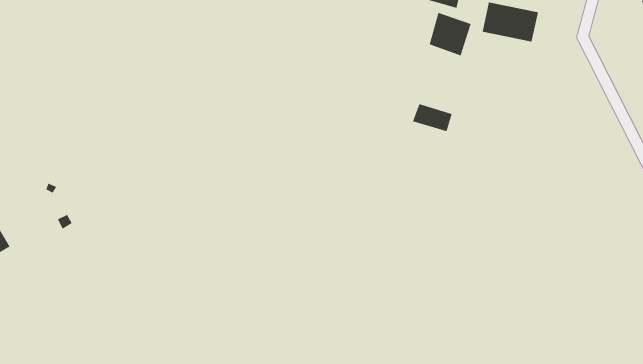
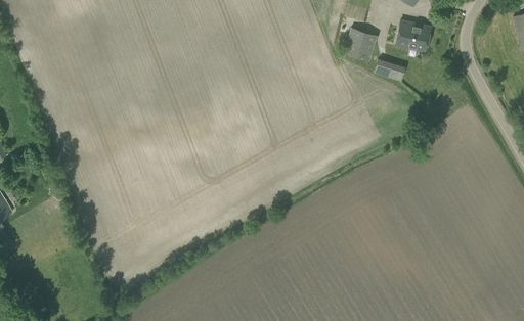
building: [412,103,452,132] -> [374,58,405,81]

